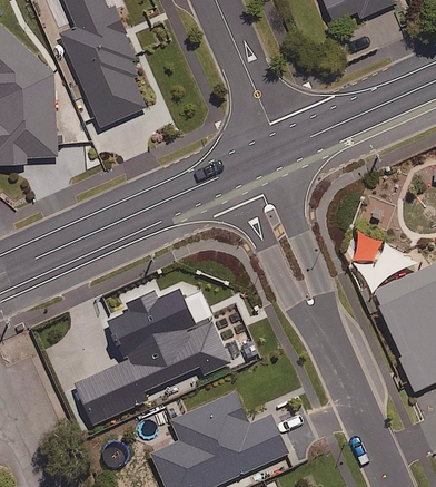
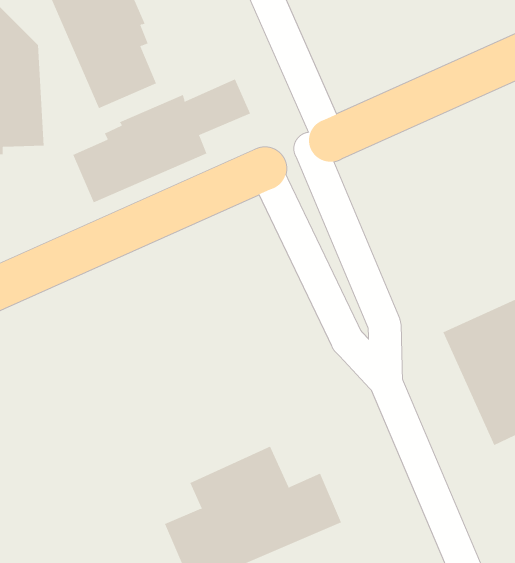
building: none -> [73,78,251,203]
building: [76,286,232,432] -> none

